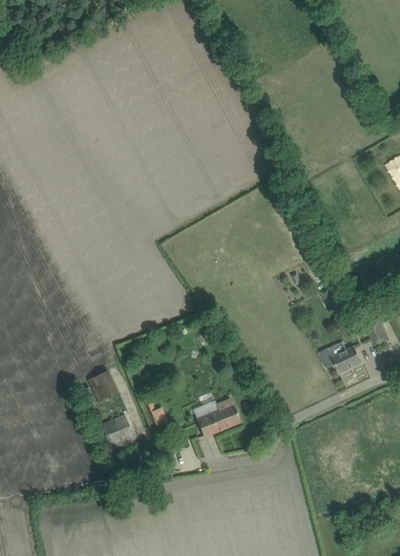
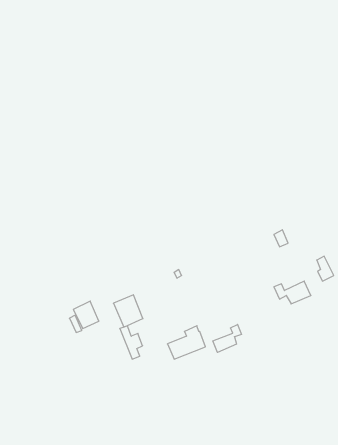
building: none -> [213,324,241,352]
building: [100,413,134,450] -> [113,295,143,327]

